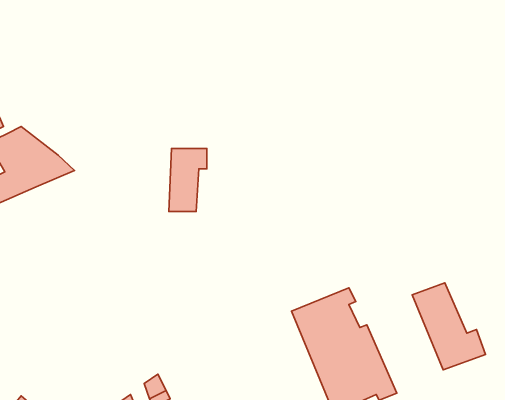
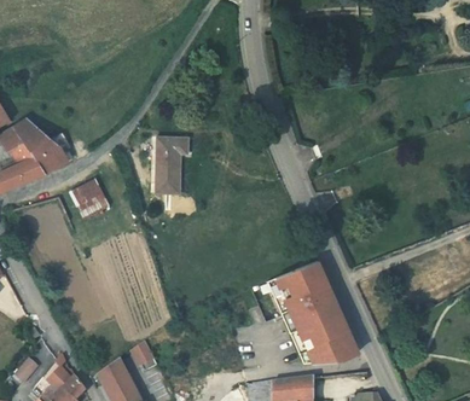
building: none -> [79,185,112,221]
building: [412,283,486,370] -> none

